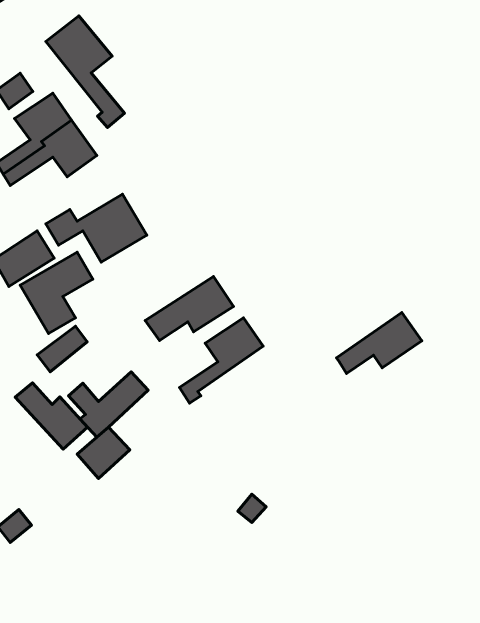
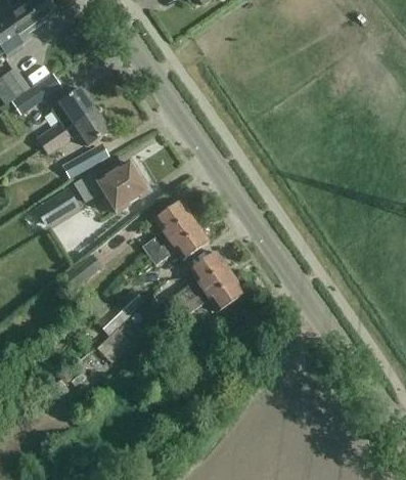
building: [46,16,124,127] -> none
building: none -> [64,144,111,181]
building: none -> [140,199,194,253]
building: [337,312,422,374] -> [183,271,244,315]
building: [15,383,88,449] -> none

